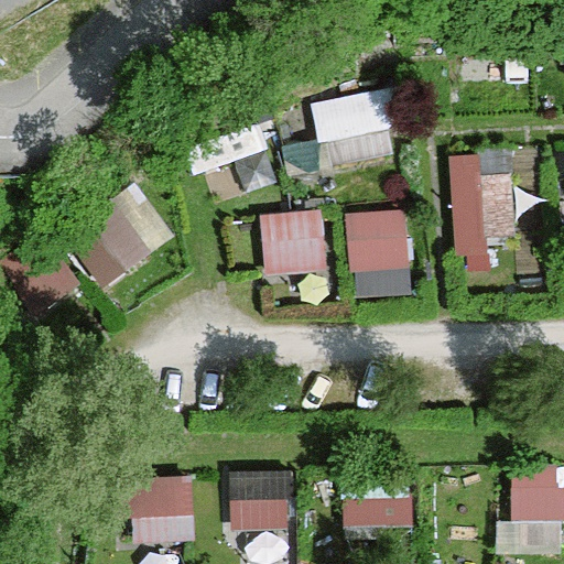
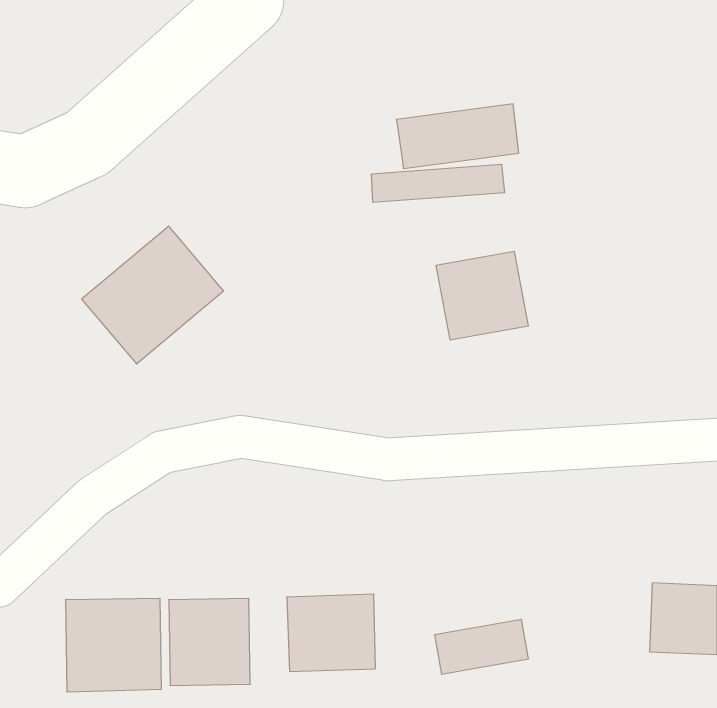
building: [449,151,516,270] -> none
building: [261,210,327,276] -> none
building: none -> [66,598,161,692]

